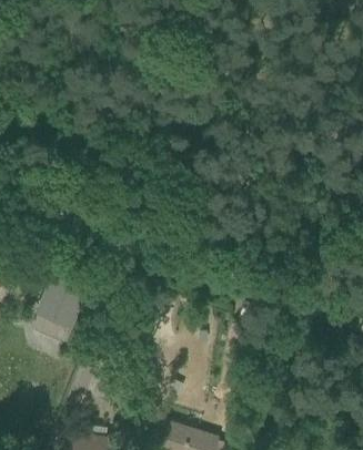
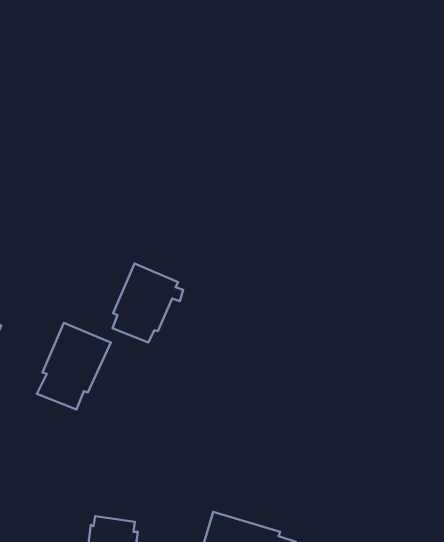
building: none -> [113,263,183,342]

